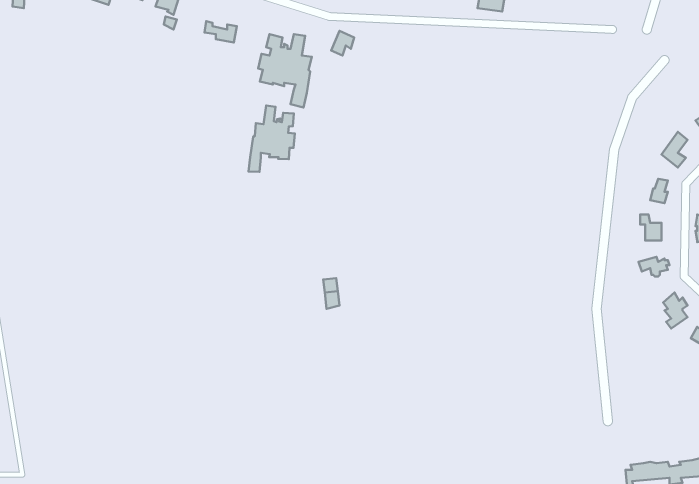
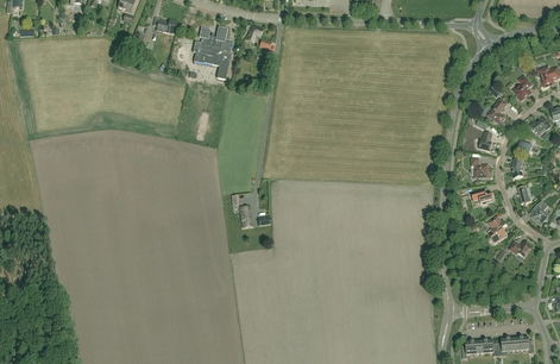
building: [249,105,295,172] -> none

